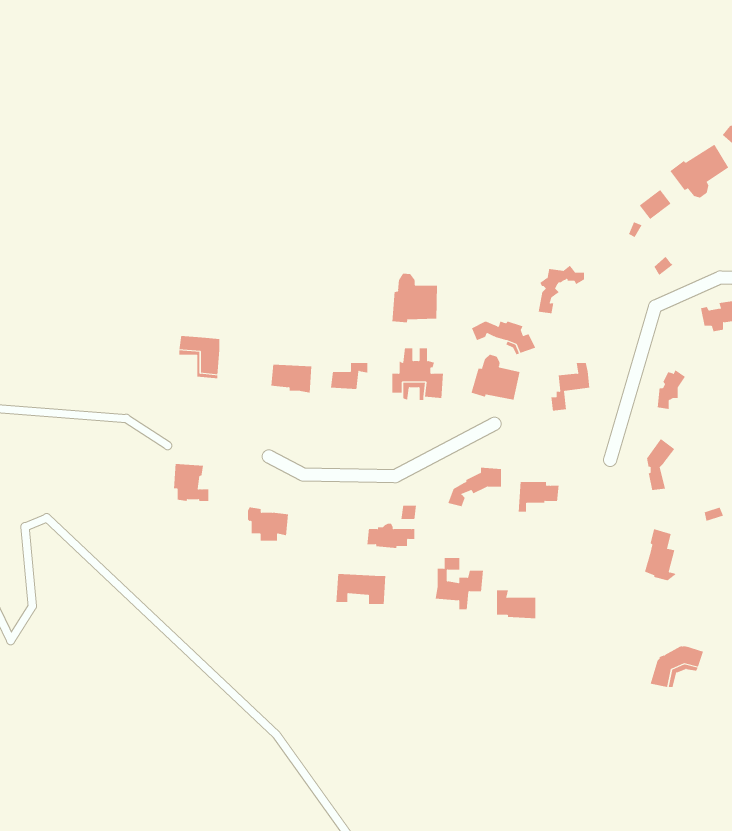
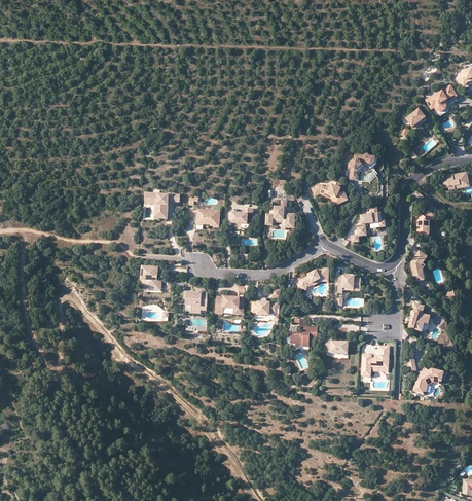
building: [392,273,437,323] -> none
building: [471,354,520,400] -> none
building: [336,574,386,604] -> [215,296,244,314]
building: none -> [362,346,390,375]

